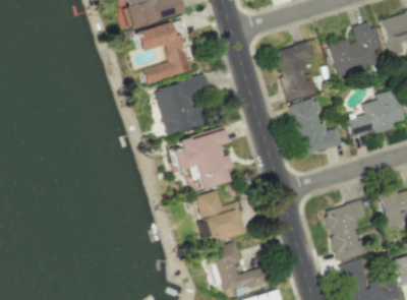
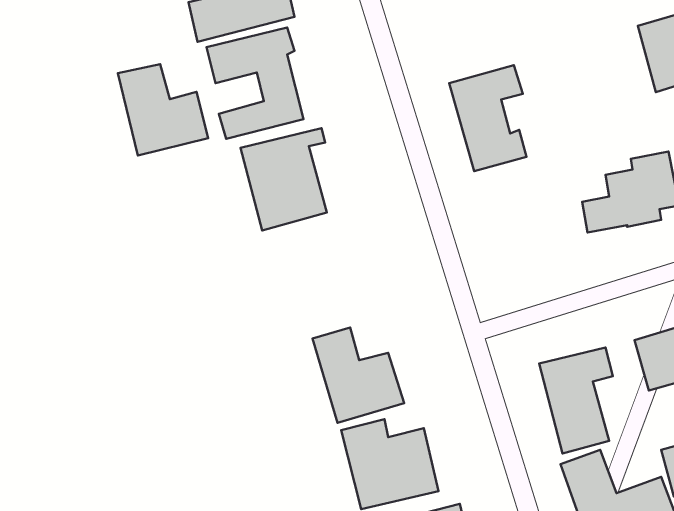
building: [330,21,382,75] -> none
building: none -> [118,64,208,155]
building: [290,99,342,156] -> none
building: [169,127,230,190] -> none

